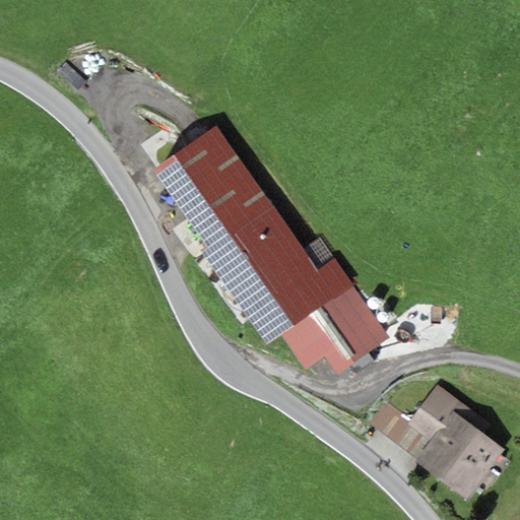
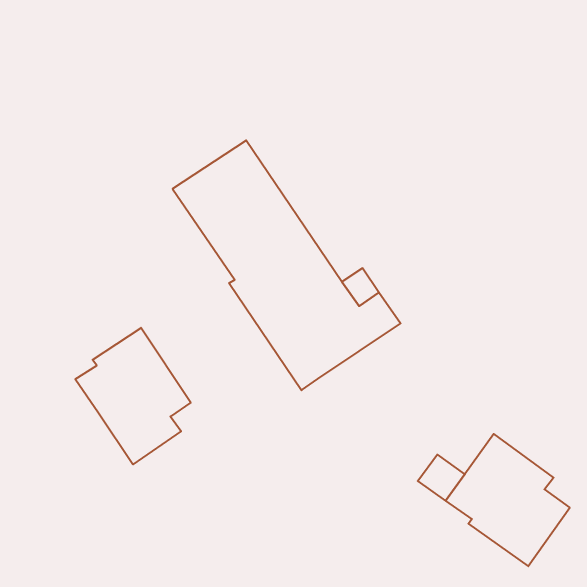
building: [280,285,389,374] -> none
building: none -> [75,328,191,464]

